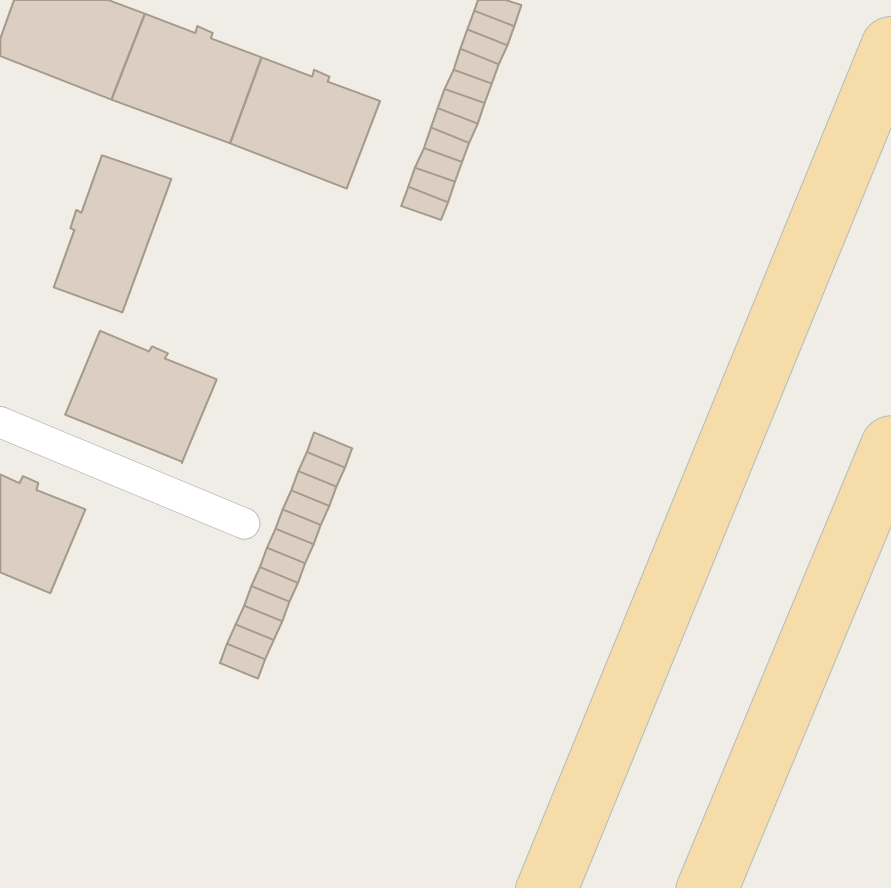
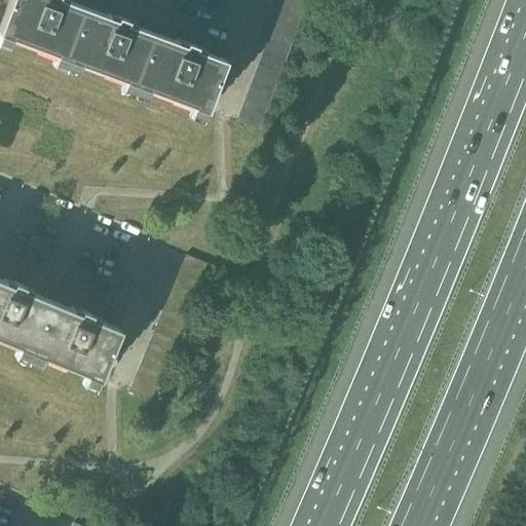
building: [54,155,171,313] -> none
building: [65,331,217,463] -> [30,302,119,380]

